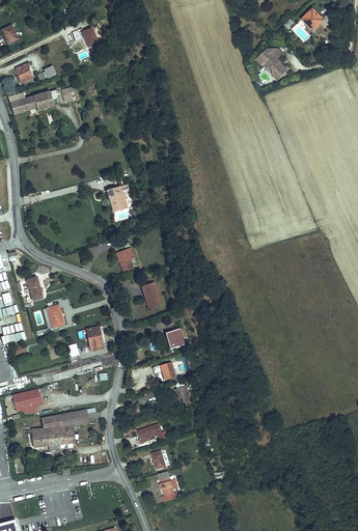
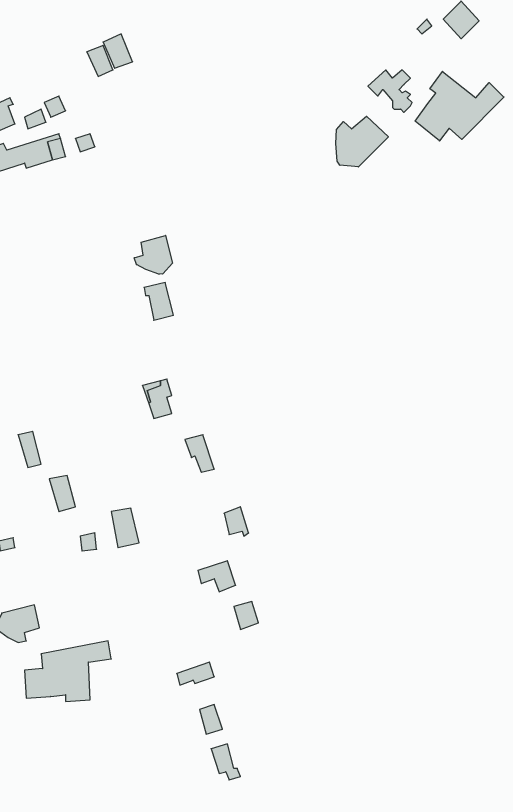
building: none -> [415,71,504,141]
building: none -> [336,116,388,167]
building: none -> [134,235,173,274]

